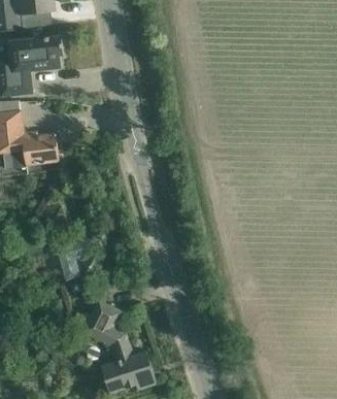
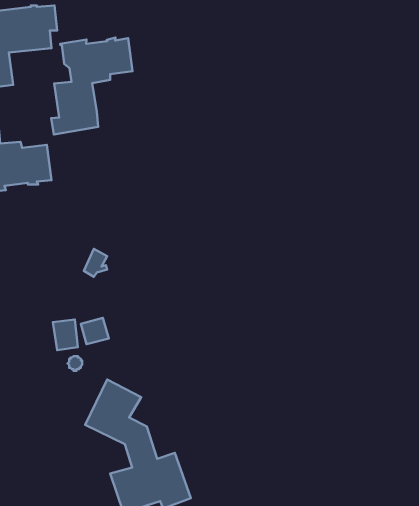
building: none -> [51,37,132,134]

